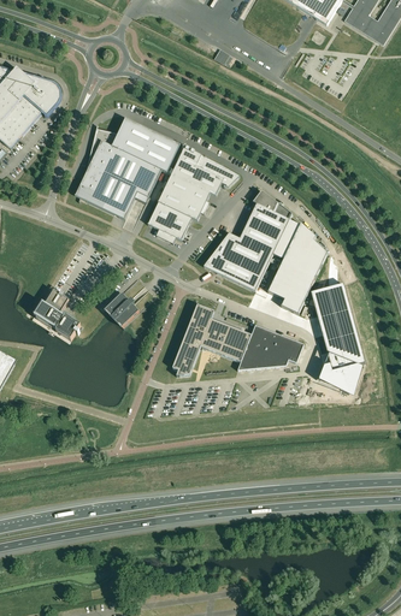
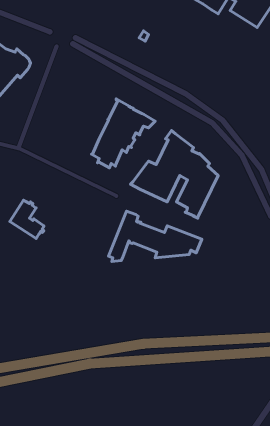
building: [73,117,179,218] -> none
building: [311,286,364,383] -> none
building: [105,292,138,326] -> none

